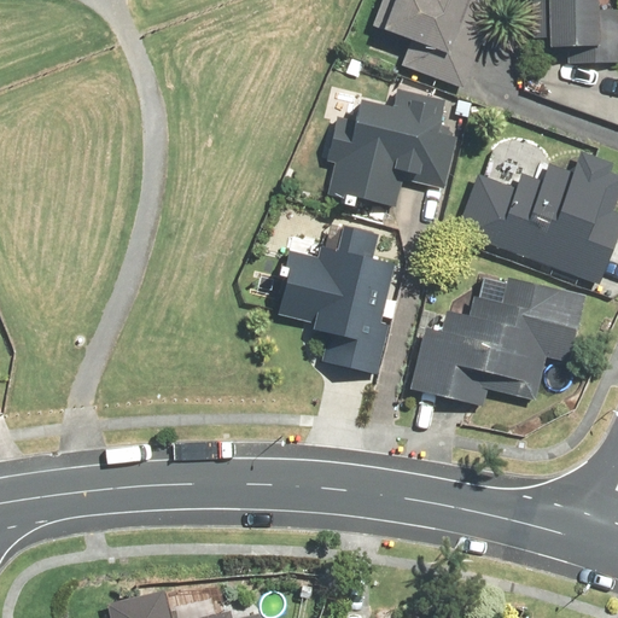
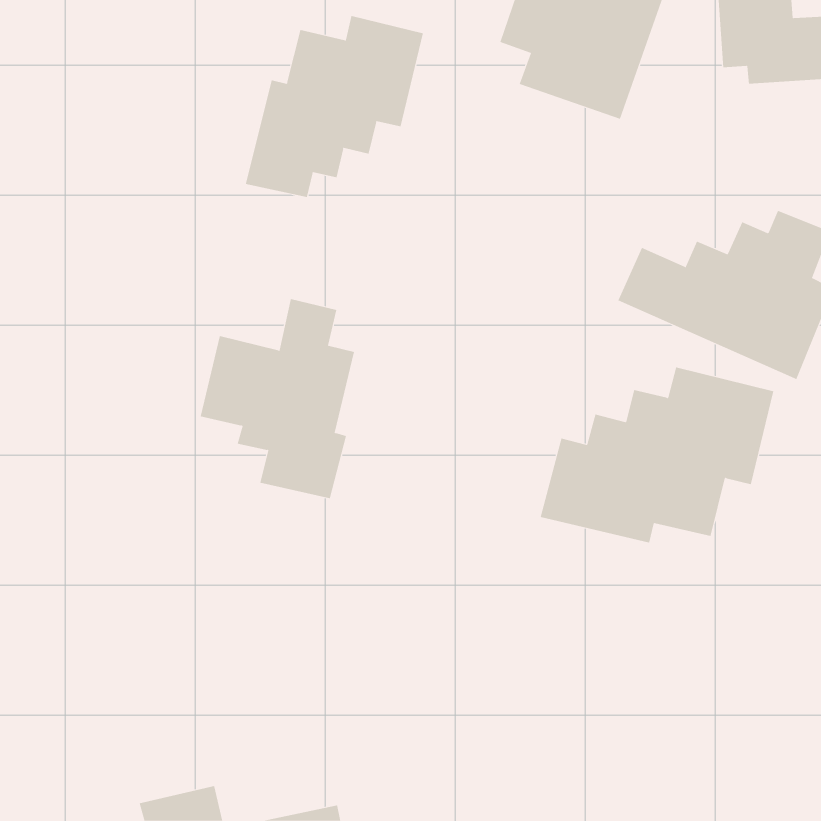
building: none -> [245,15,424,198]
building: [332,83,467,206] -> none
building: [275,221,391,371] -> [200,298,355,499]

